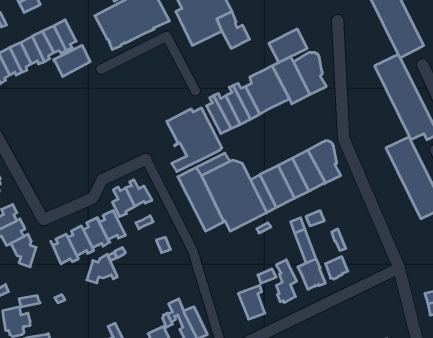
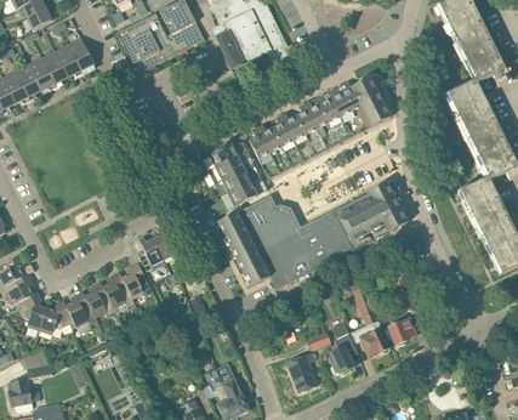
building: [269,29,307,63] -> none
building: [54,45,90,77] -> none
building: [87,254,117,283] -> [40,300,76,334]

